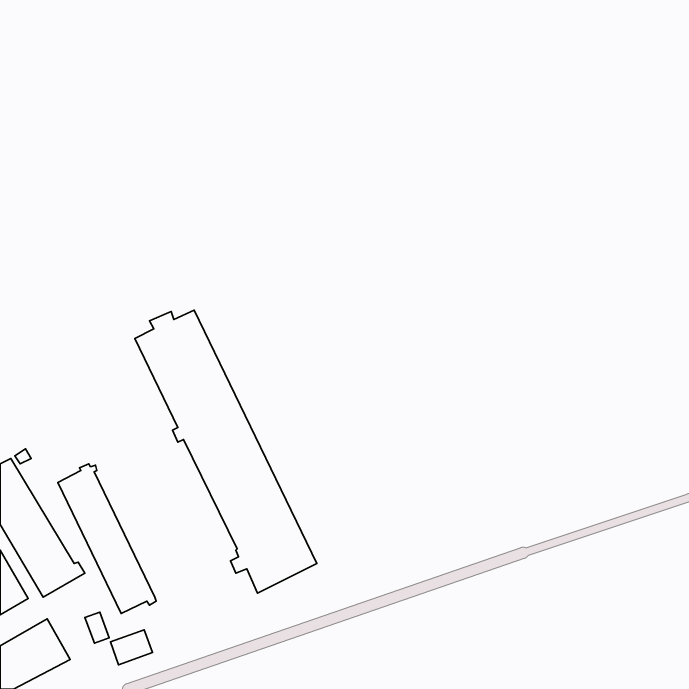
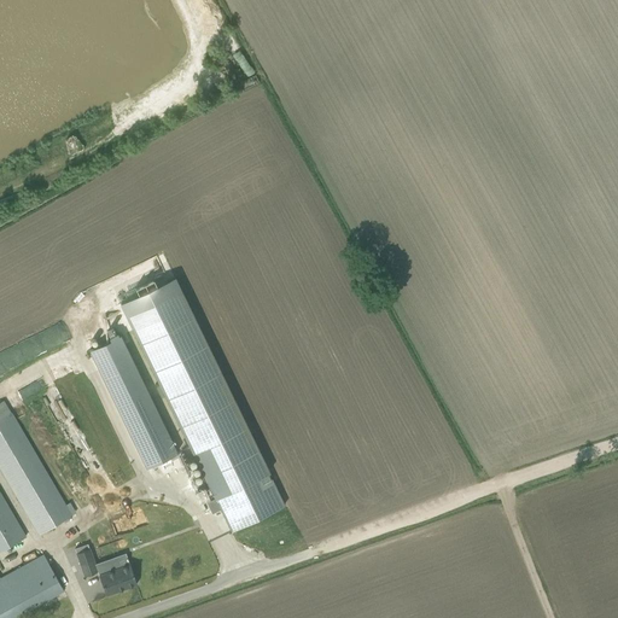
building: [58,464,156,613] -> [89,333,177,467]

